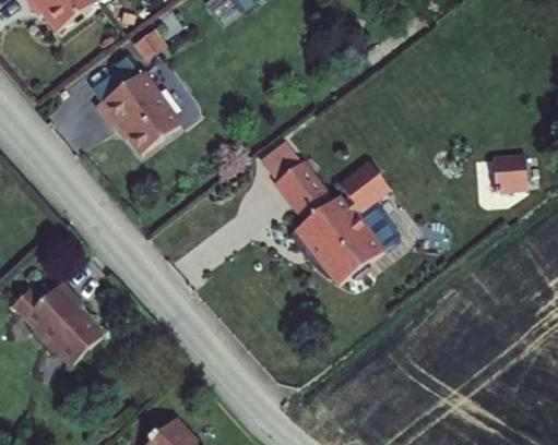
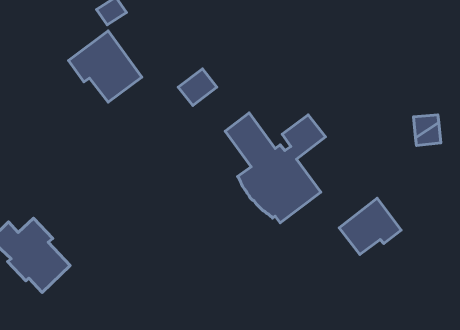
building: [260,140,304,181] -> [178,69,217,105]
building: none -> [339,198,401,255]

